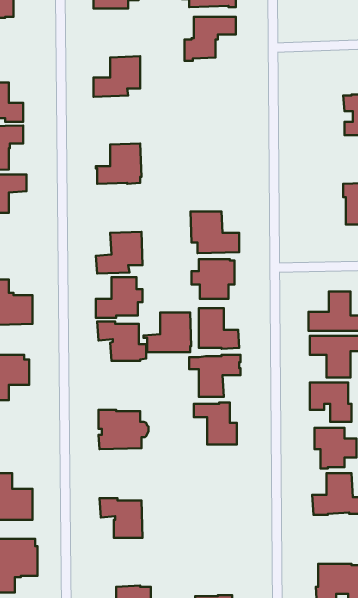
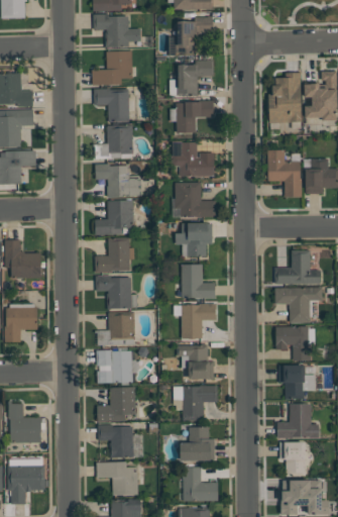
building: none -> [94,14,141,47]
building: none -> [170,60,214,96]
building: none -> [269,73,302,123]
building: none -> [94,89,129,122]
building: none -> [171,101,214,133]
building: none -> [172,142,214,177]
building: none -> [268,150,302,197]
building: none -> [96,164,142,197]
building: [144,313,191,352] -> [95,312,135,345]
building: none -> [174,386,218,421]
building: none -> [97,387,136,422]
building: none -> [181,427,215,461]
building: none -> [280,442,305,477]
building: none -> [97,462,138,496]
building: none -> [183,468,219,502]

